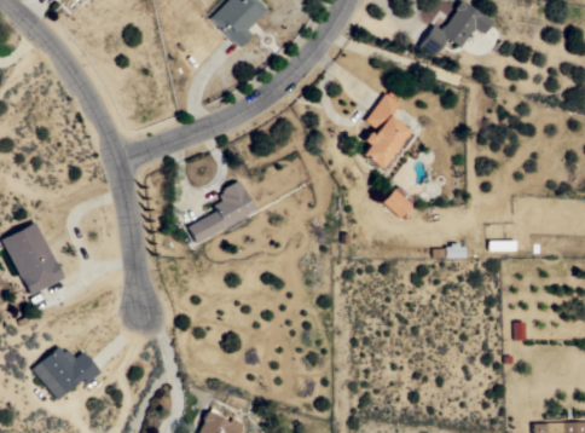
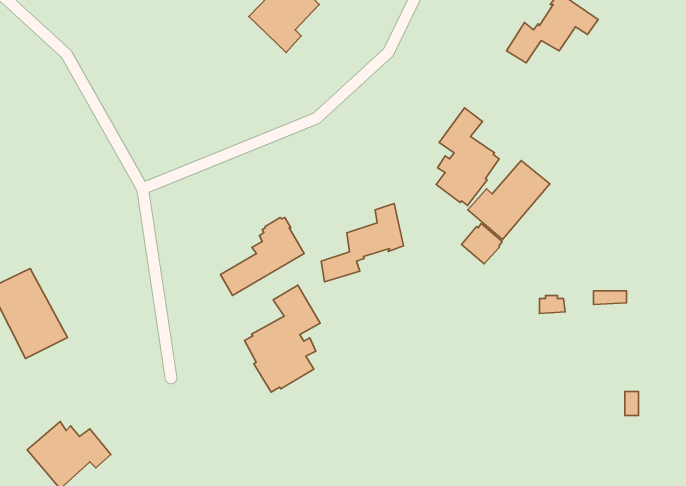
building: none -> [468,161,550,240]
building: none -> [321,203,404,282]
building: none -> [245,285,320,392]

